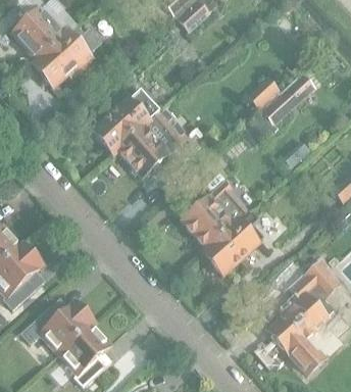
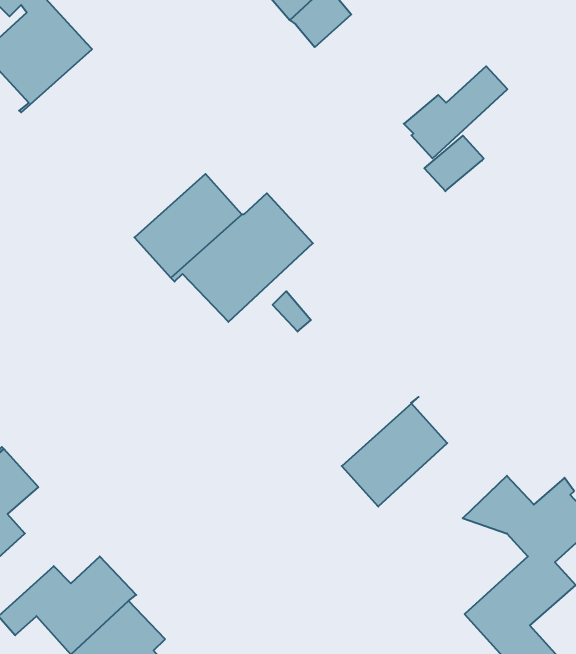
building: [34,28,104,87] -> none
building: [260,75,315,124] -> [404,66,507,158]
building: [184,189,245,252] -> none

